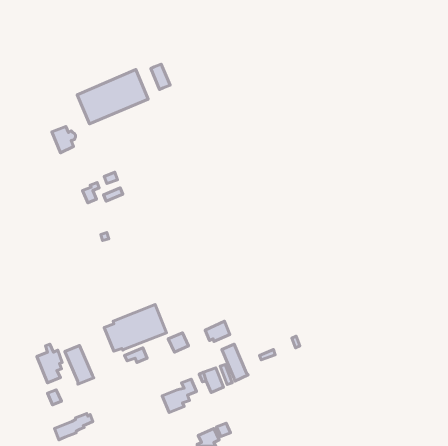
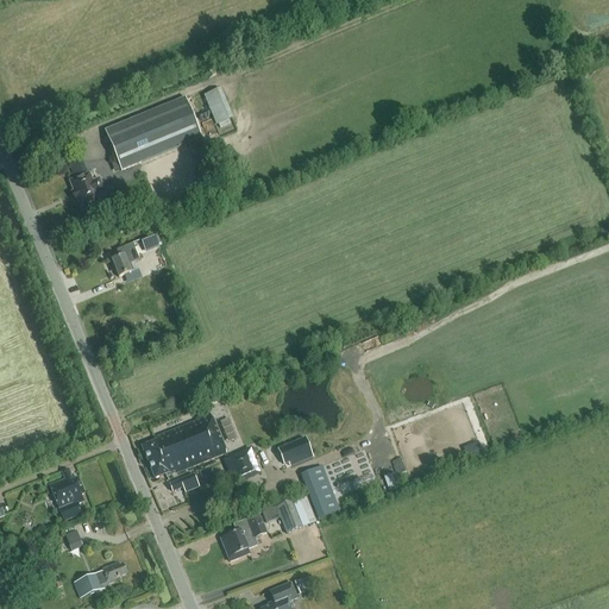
building: [65,345,94,384] -> none

